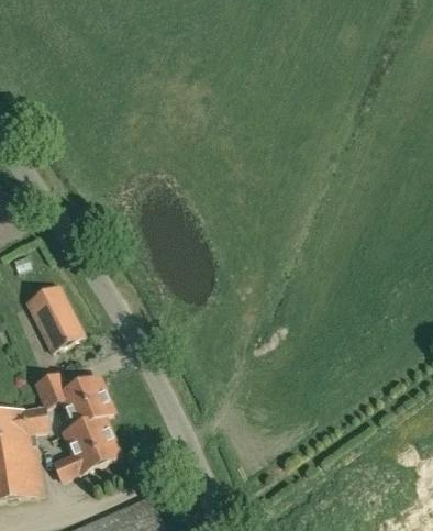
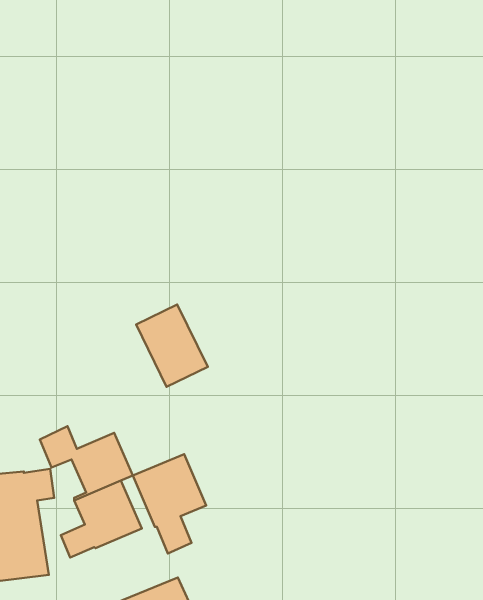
building: [25,283,85,351] -> [136,304,208,387]
building: none -> [133,454,206,554]

